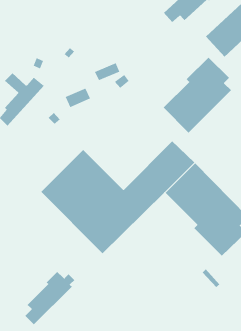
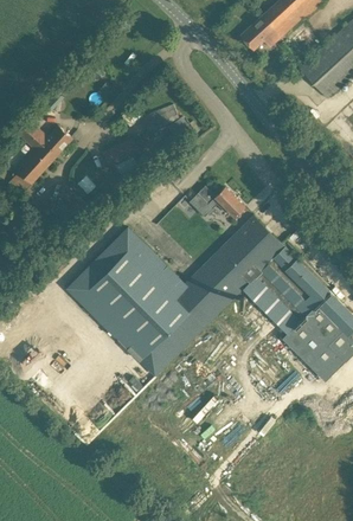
building: [163,57,232,133] -> none
building: none -> [190,186,245,217]
building: [25,271,75,325] -> none

